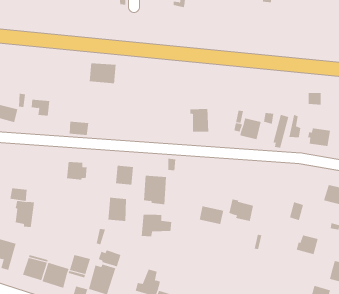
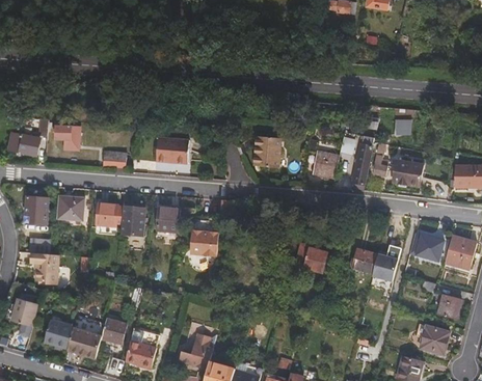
building: [89,63,117,84] -> [154,137,188,163]
building: none -> [27,192,49,221]
building: none -> [59,196,86,220]
building: [107,197,127,222] -> [122,205,145,235]
building: [199,206,224,225] -> none
building: [141,214,172,237] -> none
building: [296,235,319,255] -> [349,246,377,271]
building: [98,249,121,267] -> none

